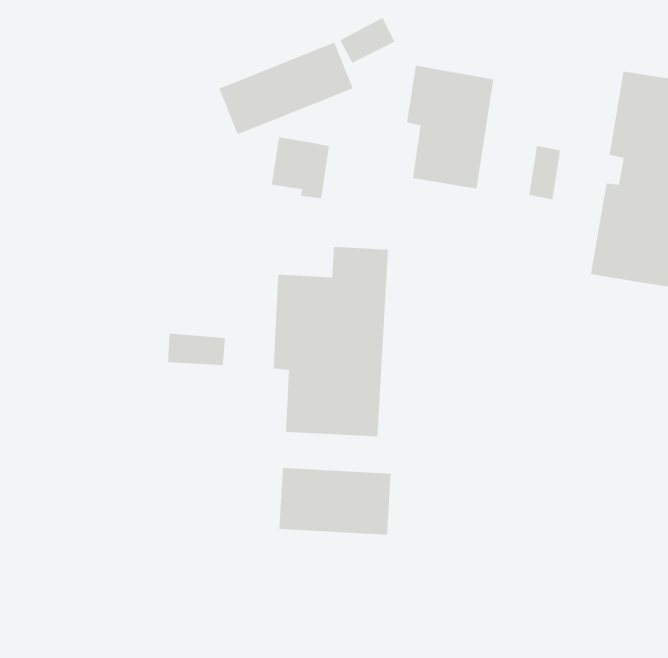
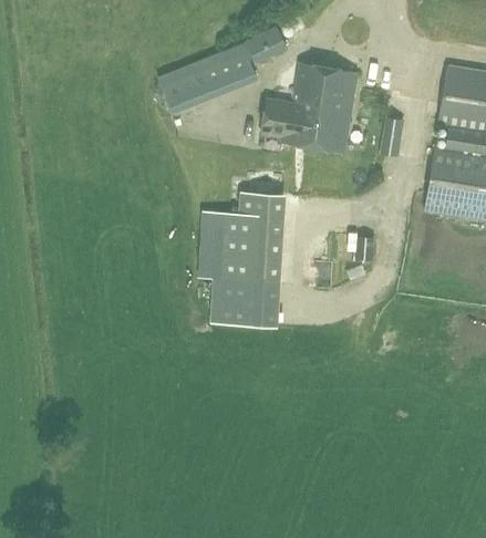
building: [271,137,330,199] -> [261,99,303,143]
building: [167,333,225,366] -> none
building: [279,467,391,535] -> none

